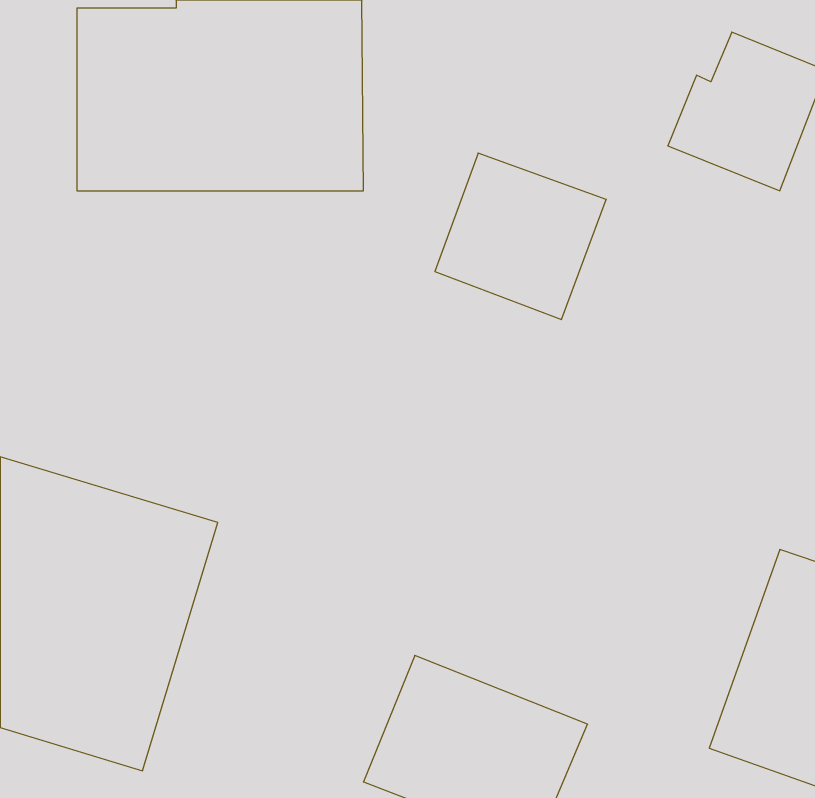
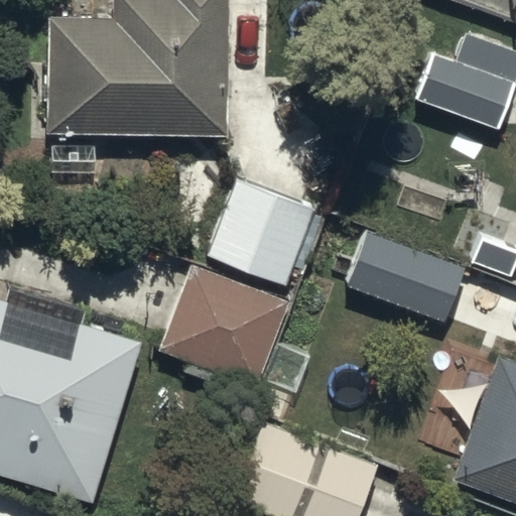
building: [435,153,606,320] -> [208,181,315,286]
building: none -> [347,233,467,322]
building: none -> [159,265,288,386]

